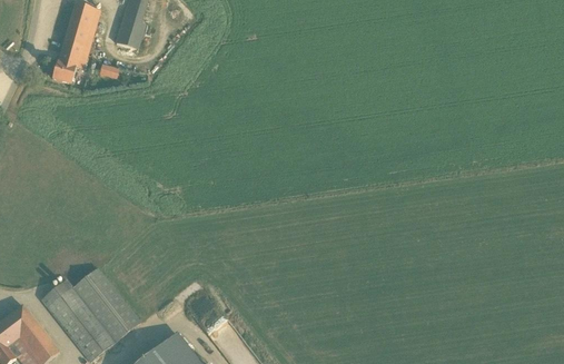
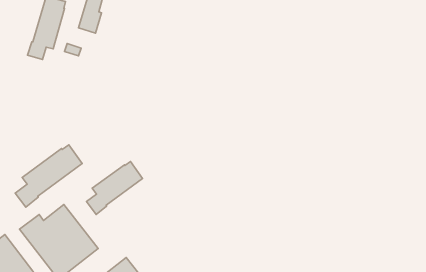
building: none -> [15,145,82,207]
building: none -> [87,162,143,214]

